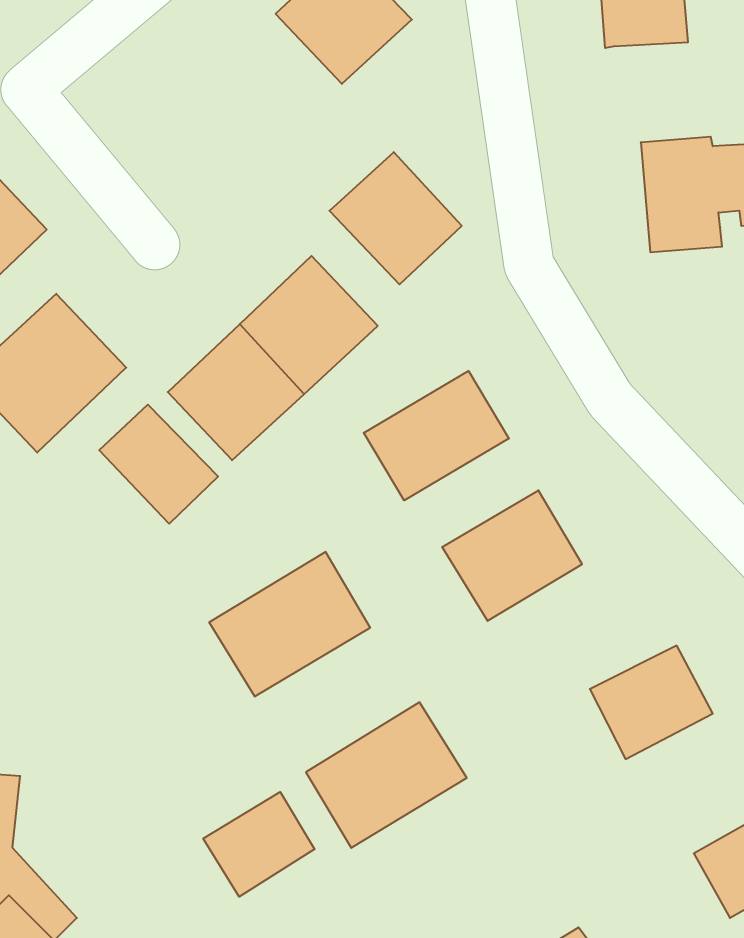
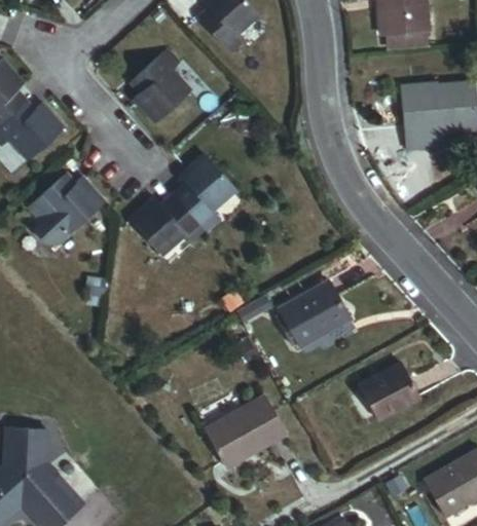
building: [329,152,462,284] -> [126,54,198,126]
building: [364,371,509,500] -> none
building: [99,405,218,524] -> none
building: [209,552,370,697] -> none
building: [203,792,315,897] -> none

